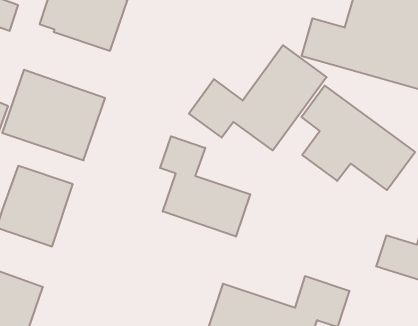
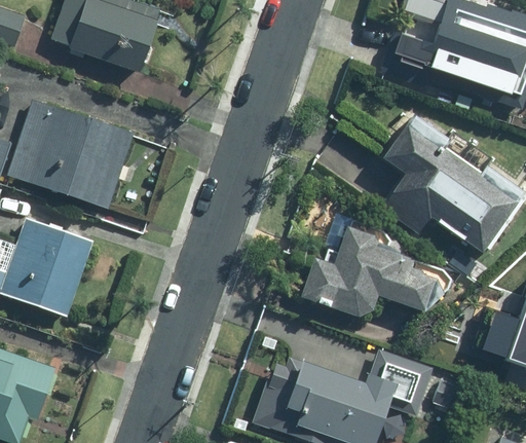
building: [189,45,327,150] -> none
building: [160,136,250,237] -> none
building: none -> [300,220,441,319]

